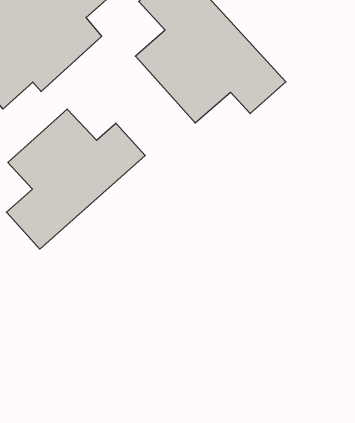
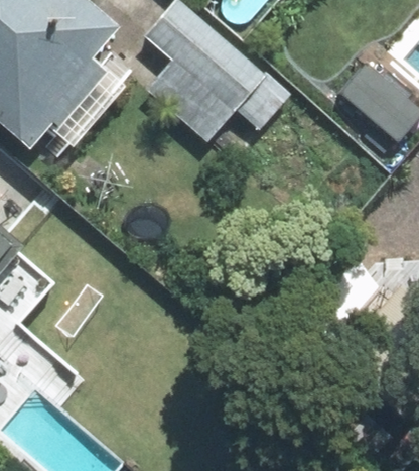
building: [6,109,145,249] -> none

